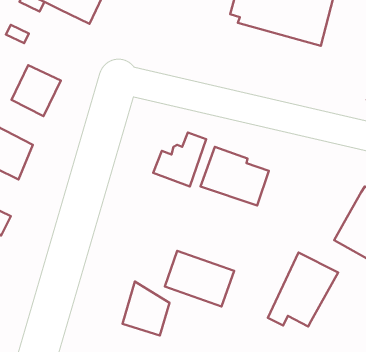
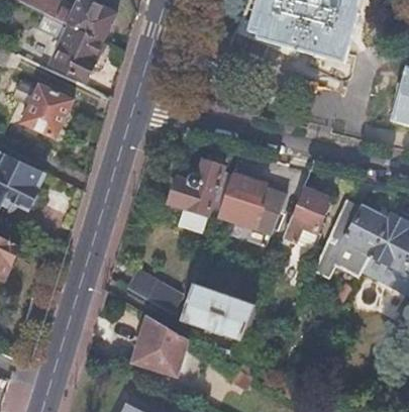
building: none -> [52,27,107,81]
building: none -> [282,188,329,242]
building: none -> [126,267,184,312]
building: [268,252,338,326] -> [313,198,387,276]

